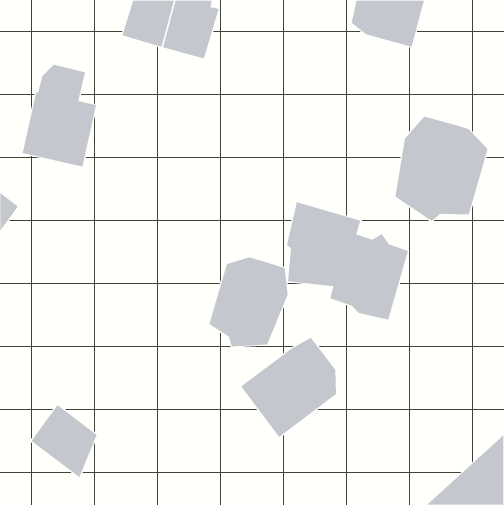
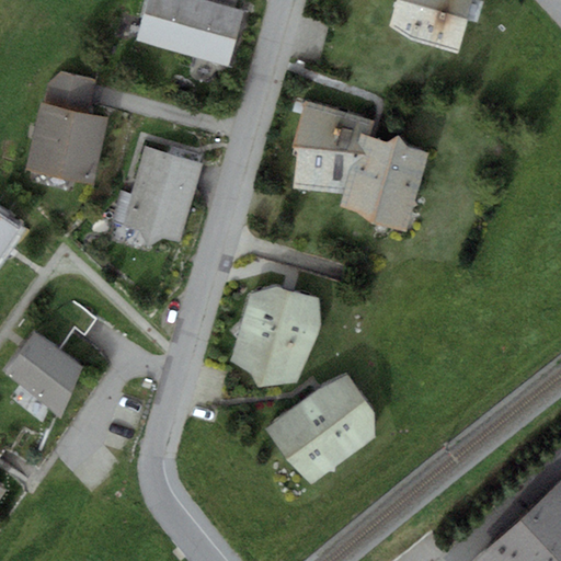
building: [395,116,488,222] -> none
building: none -> [111,147,202,247]
building: [286,202,409,320] -> [291,100,427,231]
building: [30,404,98,478] -> [5,332,80,414]

